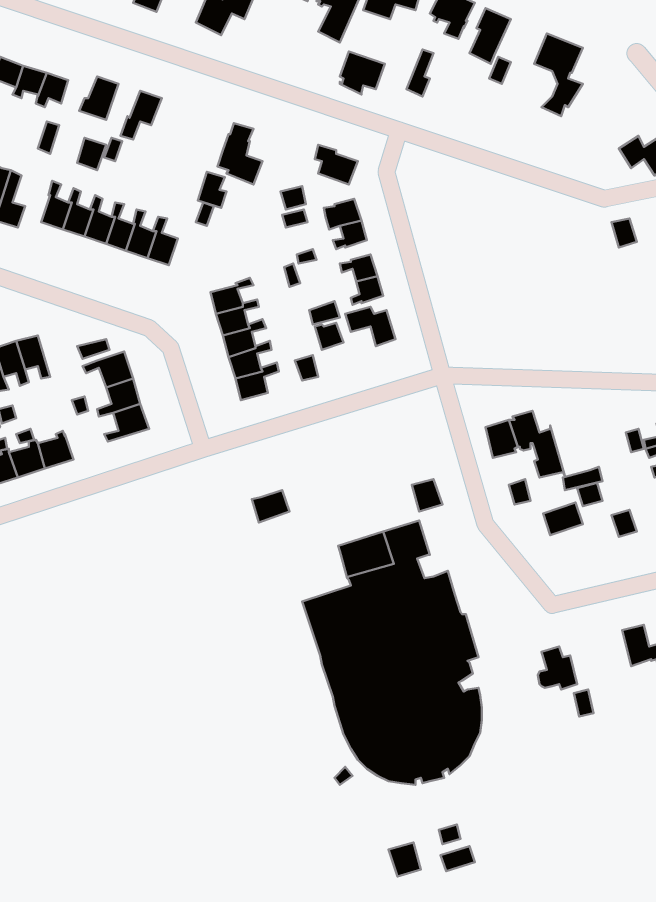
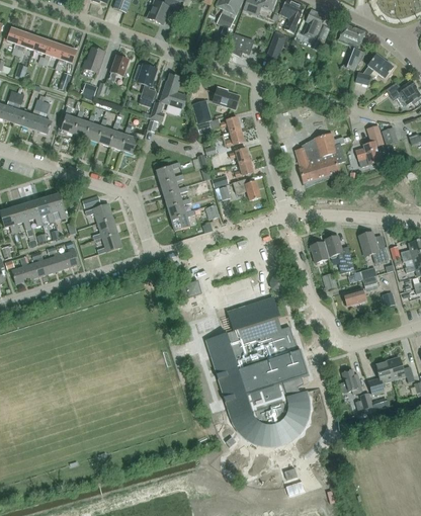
building: none -> [355,54,393,84]
building: none -> [134,65,157,102]
building: none -> [356,124,384,166]
building: none -> [294,132,345,185]
building: none -> [358,231,388,263]
building: none -> [368,359,393,394]

